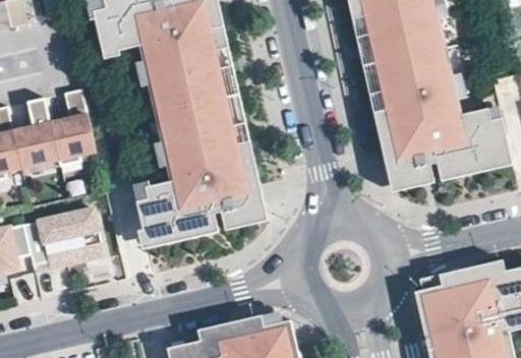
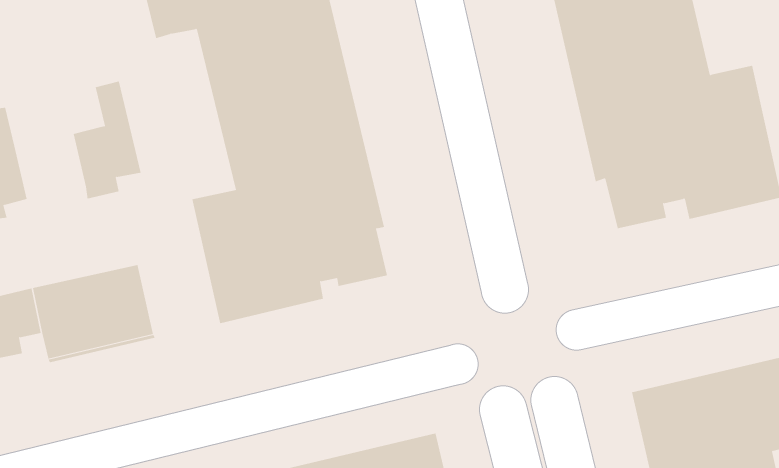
building: [12,97,58,166] -> none

